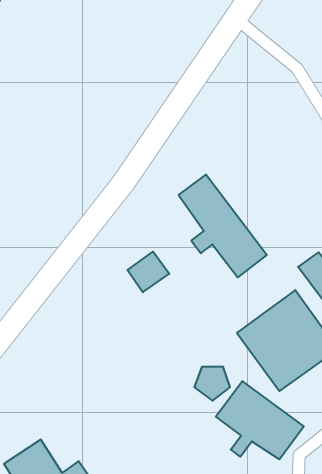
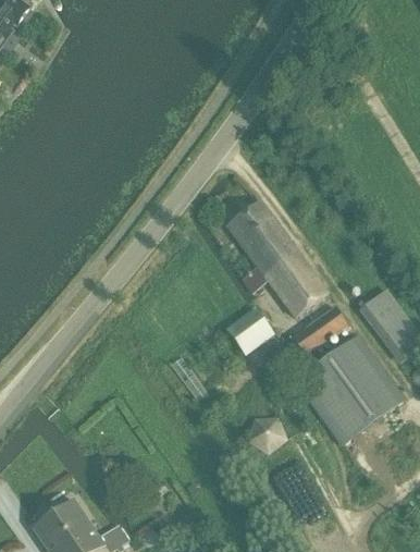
building: [127,252,169,292] -> [226,307,273,353]
building: none -> [292,306,347,354]
building: [216,381,304,459] -> none

